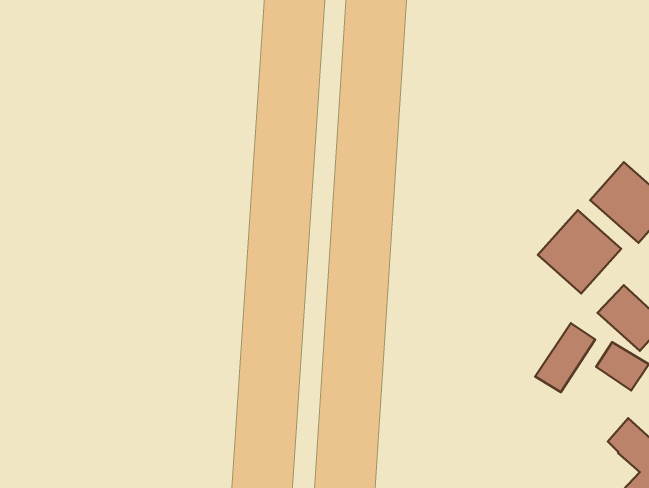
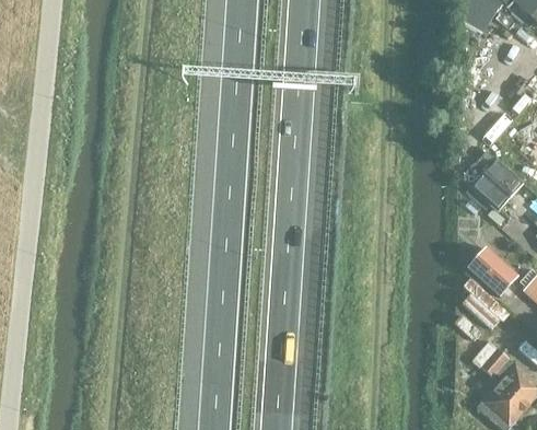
building: [538,210,621,294] -> none
building: [535,323,595,392] -> none

